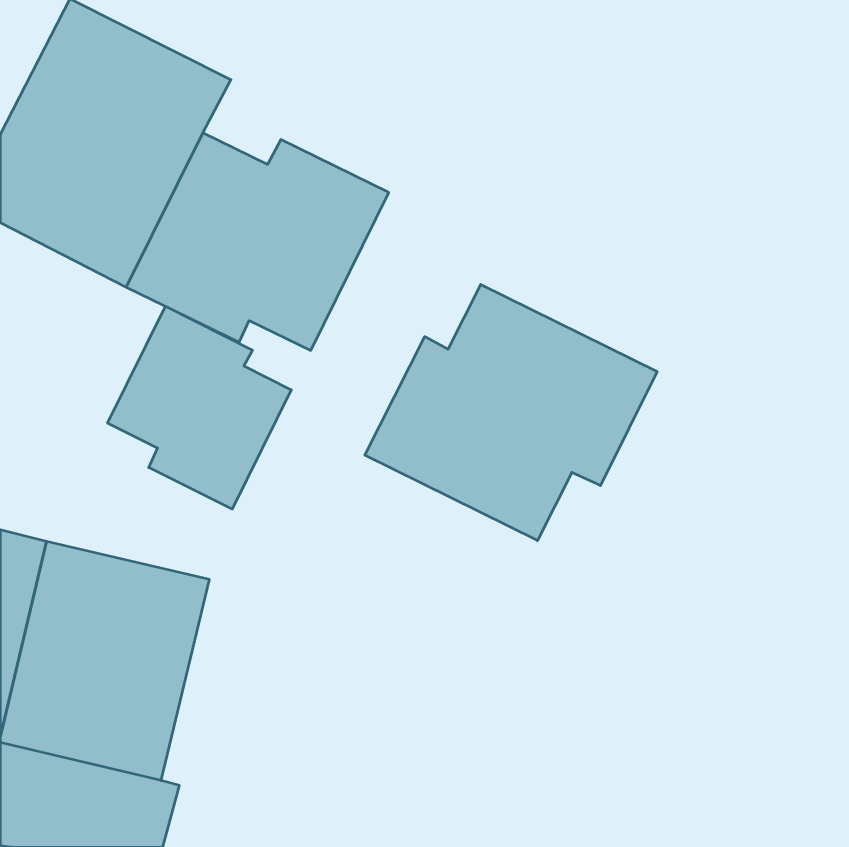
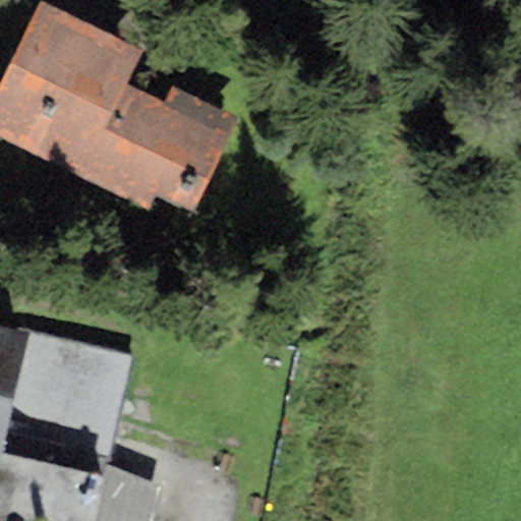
building: [365,284,657,541] -> none
building: [108,306,291,509] -> none

